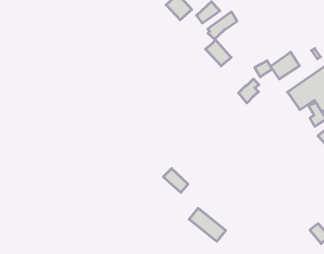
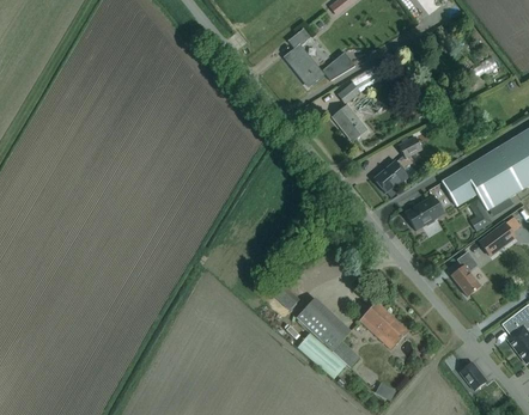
building: [271,52,299,79] -> [406,194,445,230]
building: none -> [451,258,481,295]
building: none -> [360,300,408,348]
building: none -> [297,298,360,367]

